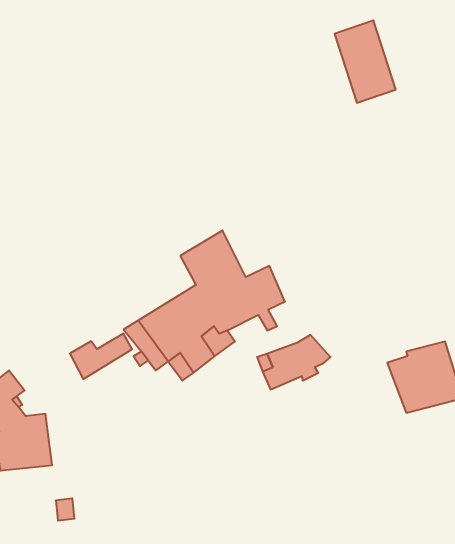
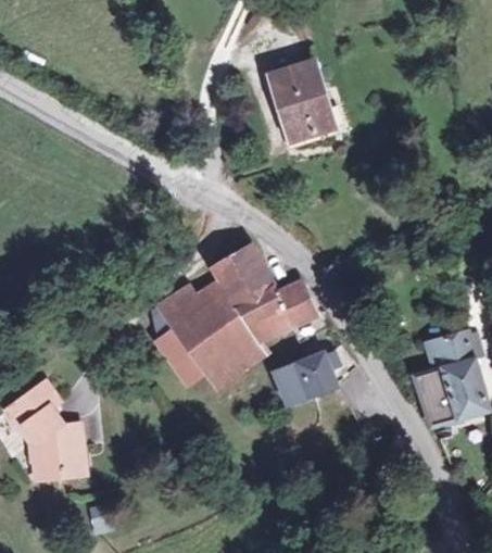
building: [335,20,396,103] -> [270,61,330,141]
building: none -> [425,331,469,363]
building: [70,333,132,379] -> [156,288,217,332]

